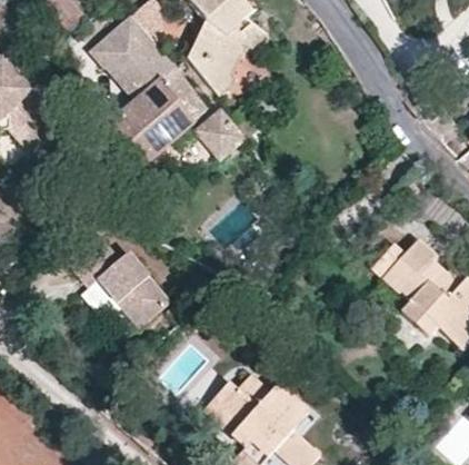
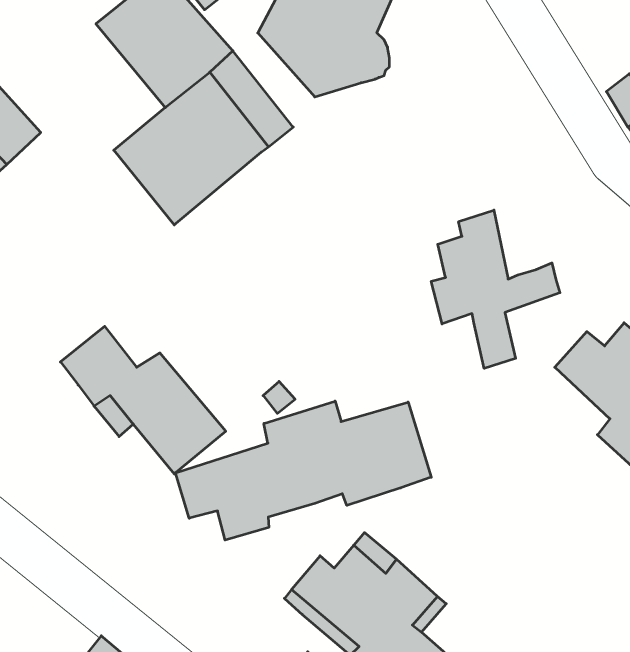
building: [191,108,247,164] -> none
building: none -> [431,210,560,368]
building: none -> [175,401,431,540]

